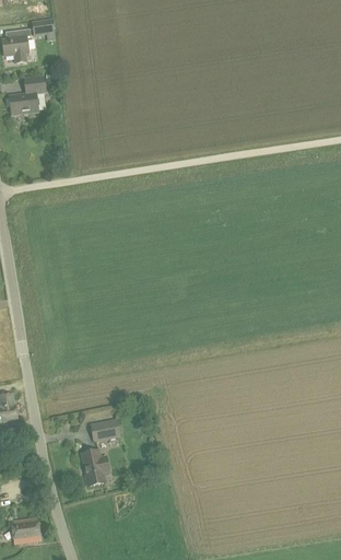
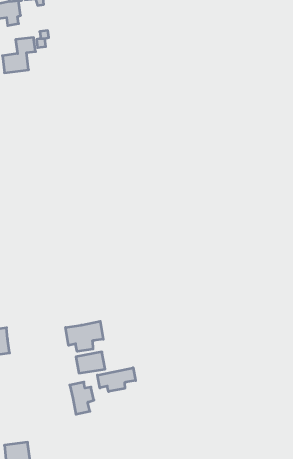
building: none -> [66,321,103,351]
building: none -> [97,368,136,392]

